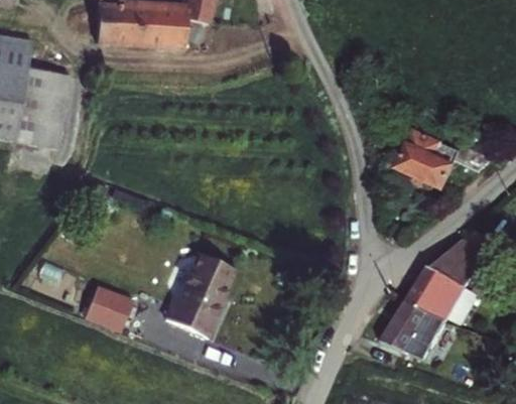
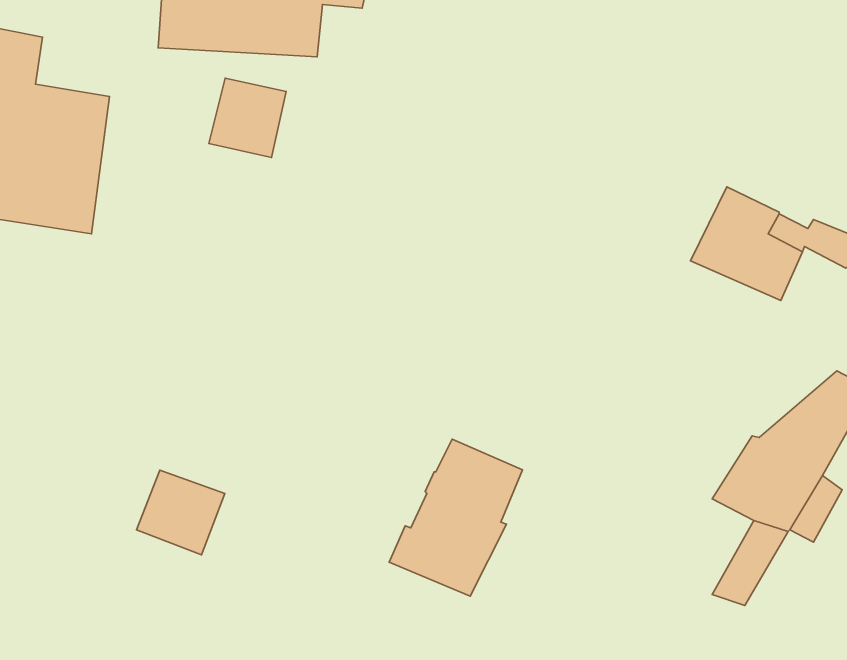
building: none -> [209,78,286,158]
building: [162,248,237,335] -> [389,439,523,596]
building: [380,298,428,352] -> none

